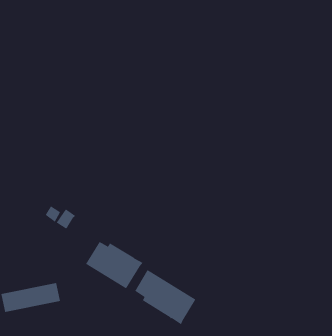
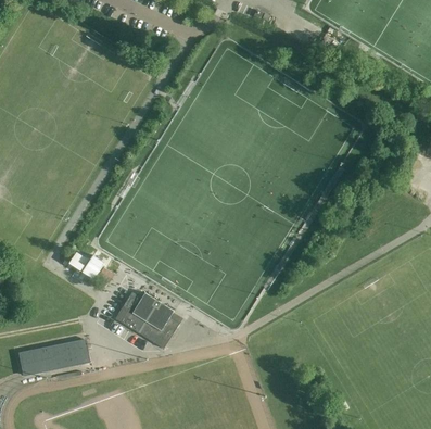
building: [134,269,196,325] -> none

